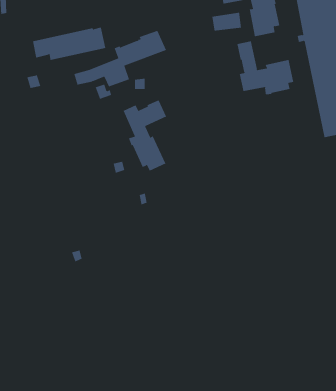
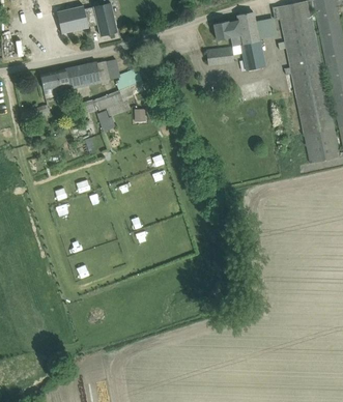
building: [237,40,294,95] -> none
building: [123,99,167,172] -> none

